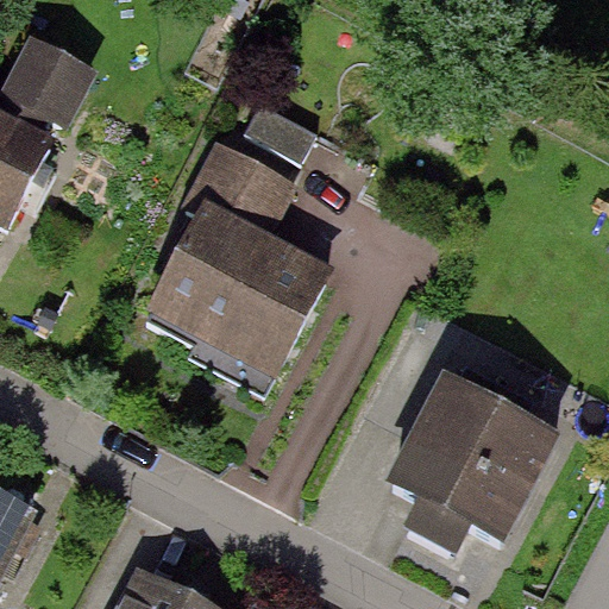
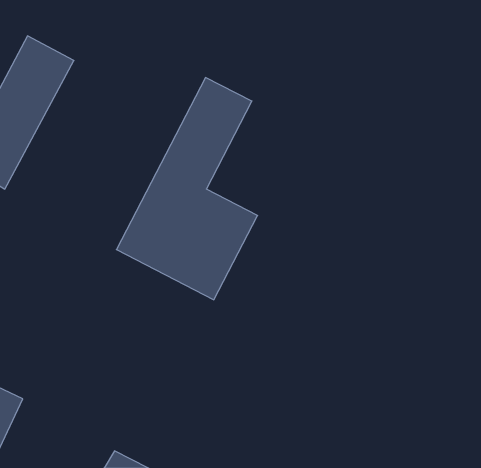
building: [390,379,551,545] -> none

